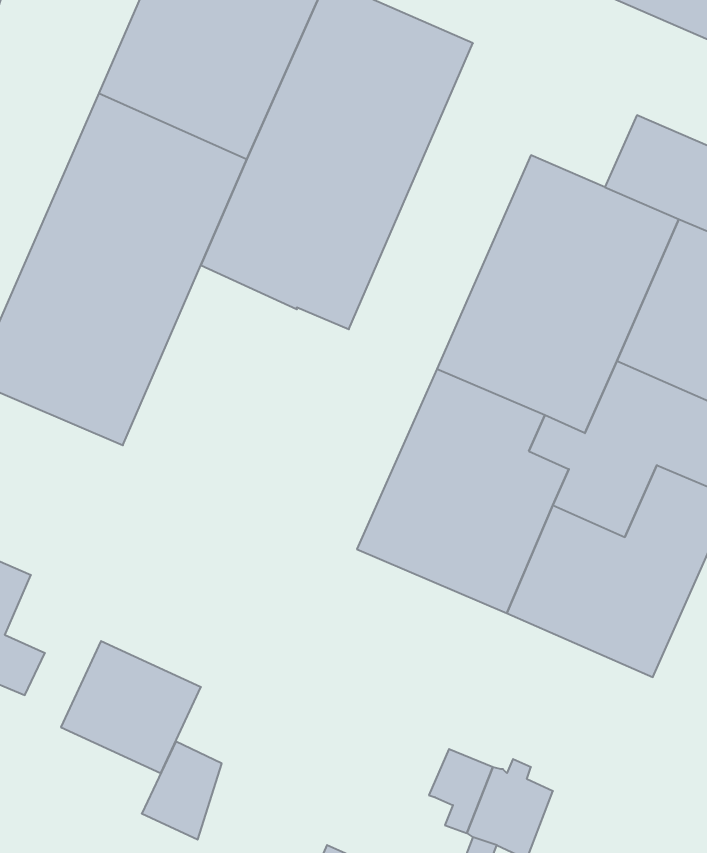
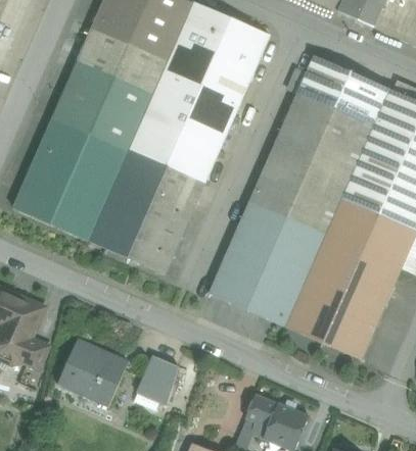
building: none -> [297,54,352,108]
building: none -> [89,148,204,272]
building: [142,742,222,840] -> [137,355,178,405]

